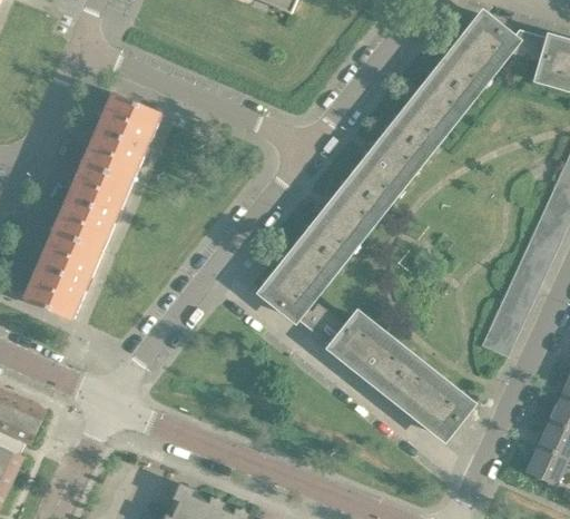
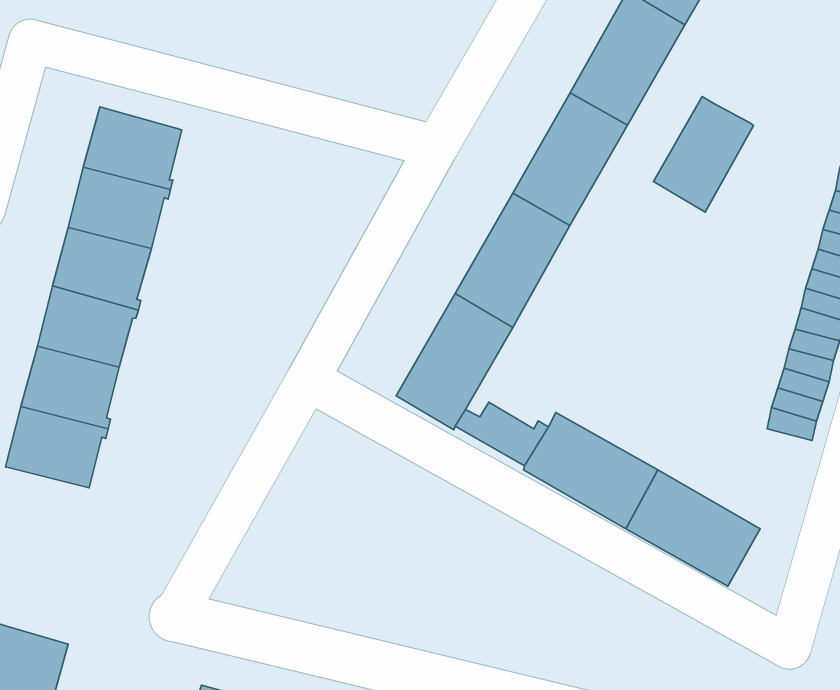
building: none -> [653,96,753,212]

